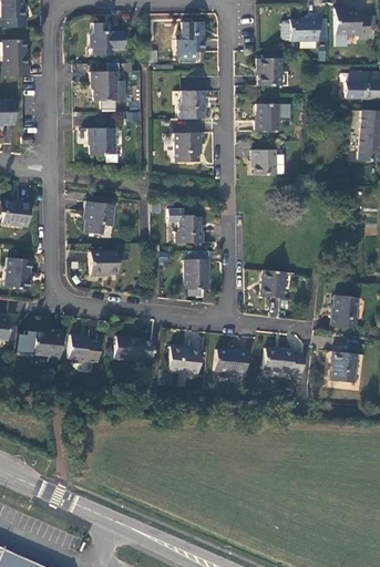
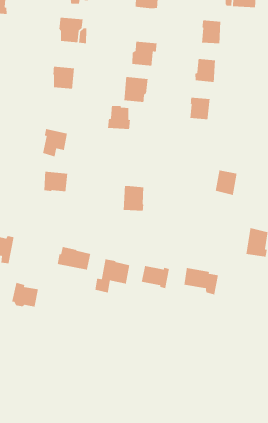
building: [177,215,204,244] -> [107,105,131,130]
building: [261,270,286,299] -> [215,169,237,196]
building: [69,334,100,363] -> [11,282,39,308]
building: [331,351,358,383] -> none

